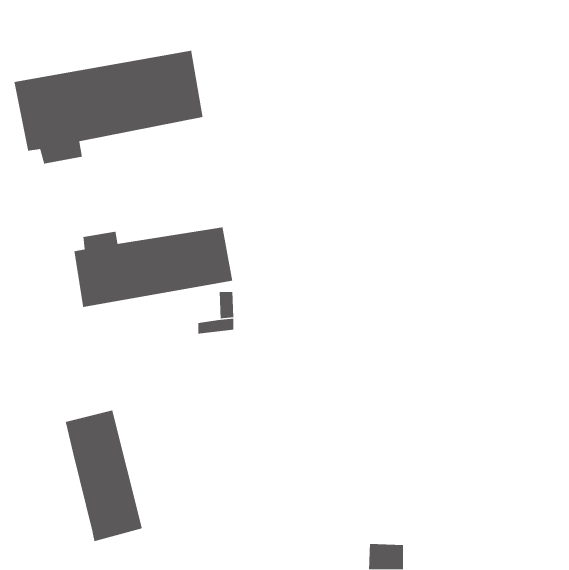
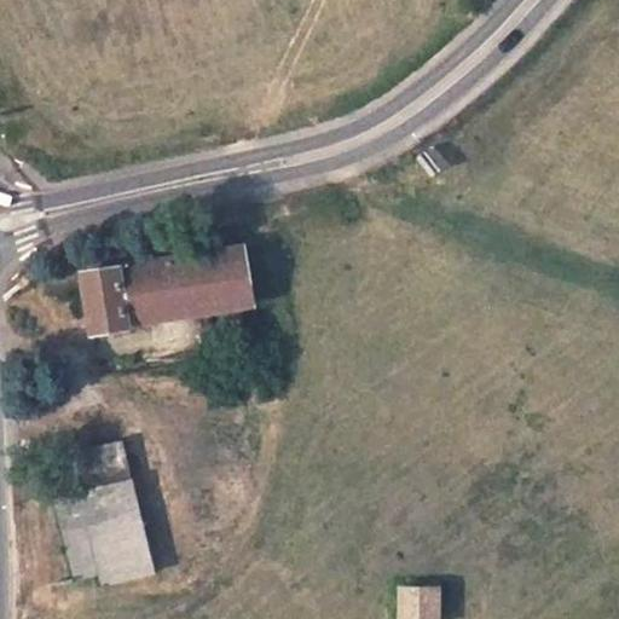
building: [14,50,203,165] -> none
building: none -> [56,492,100,582]

